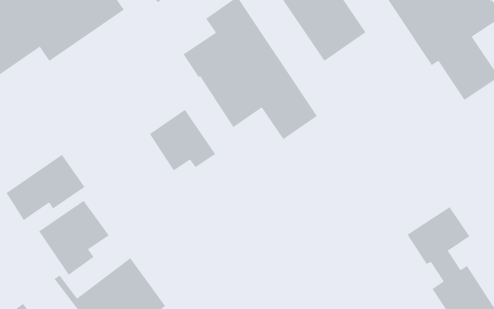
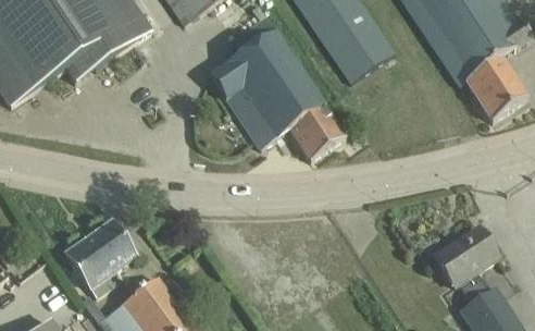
building: [149,109,216,172] -> none
building: [5,154,86,221] -> none

